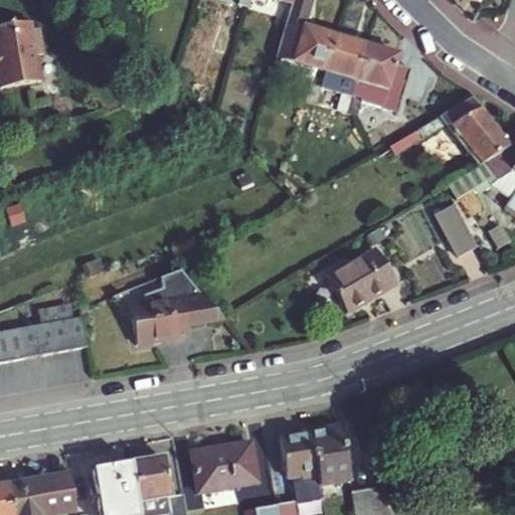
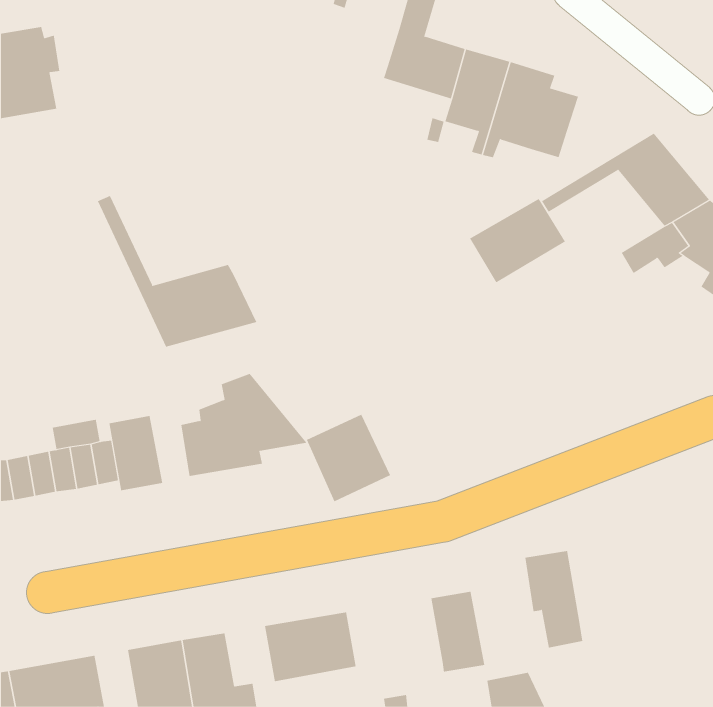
building: none -> [97,195,257,347]
building: [436,203,476,255] -> none
building: [328,249,397,311] -> [469,198,566,283]
building: none -> [306,414,391,502]
building: none -> [109,415,163,491]
building: [280,431,322,501] -> [524,550,583,648]

